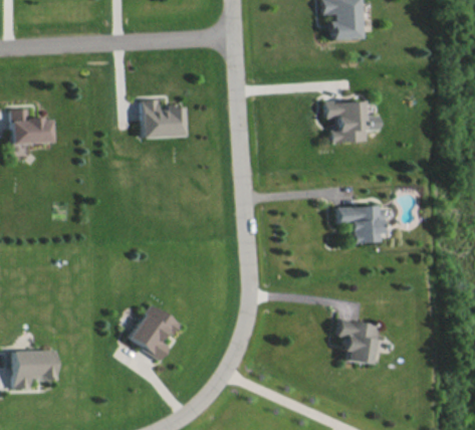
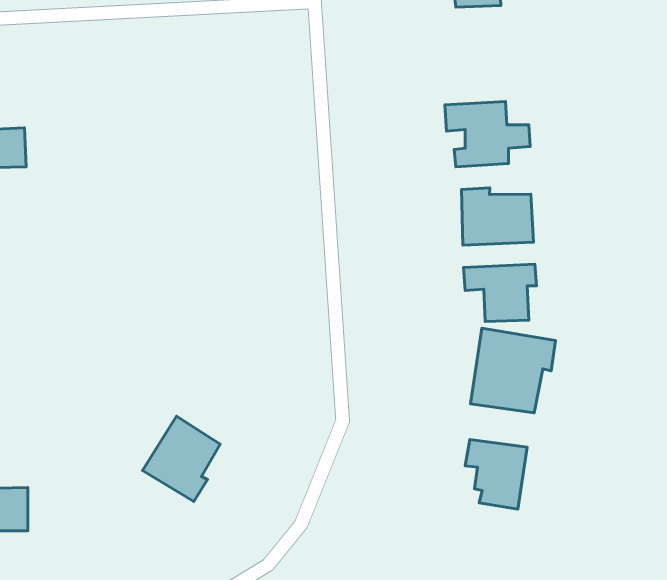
building: [143,99,185,138] -> none
building: none -> [461,188,534,245]
building: none -> [470,328,555,413]

